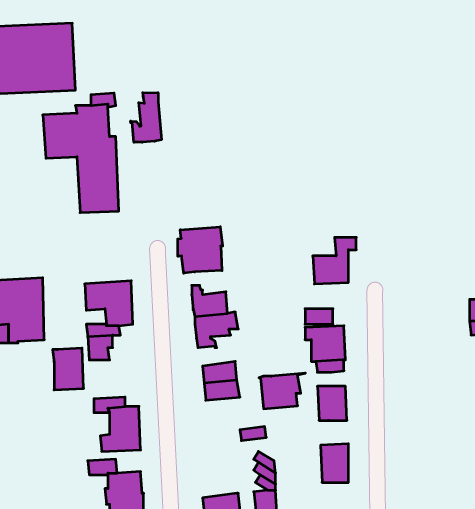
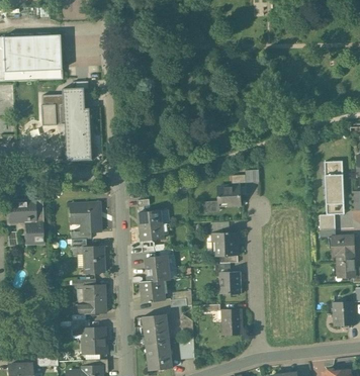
building: [131,93,161,142] -> none
building: [178,227,223,273] -> none
building: [53,348,84,390] -> [84,246,104,273]
building: [259,373,305,409] -> [140,279,170,302]
building: none -> [142,314,168,345]

